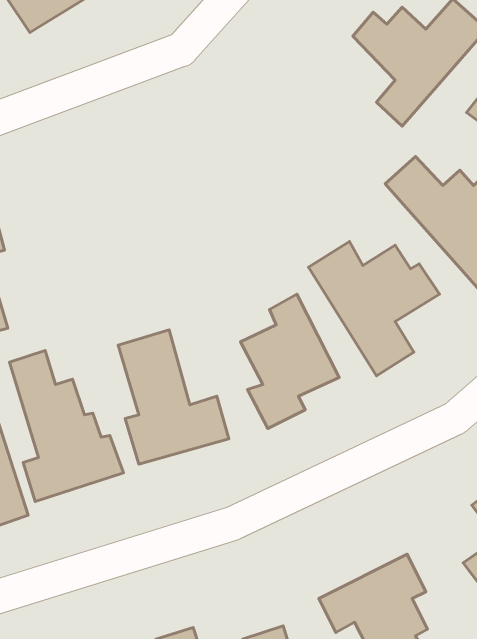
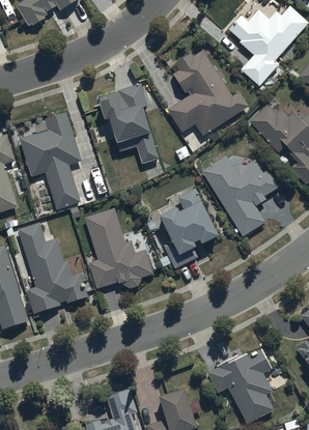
building: none -> [167,51,248,136]
building: none -> [100,86,161,164]
building: none -> [20,111,80,209]

